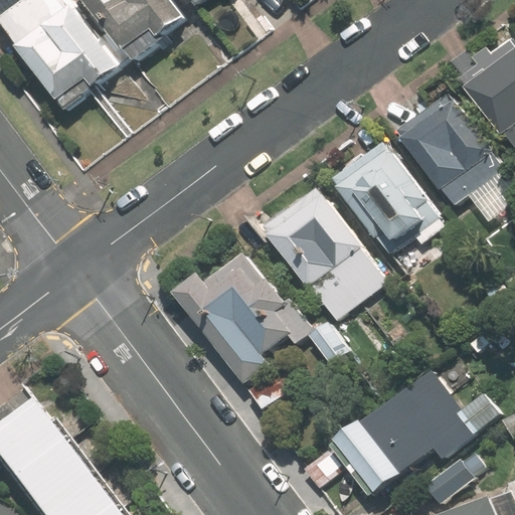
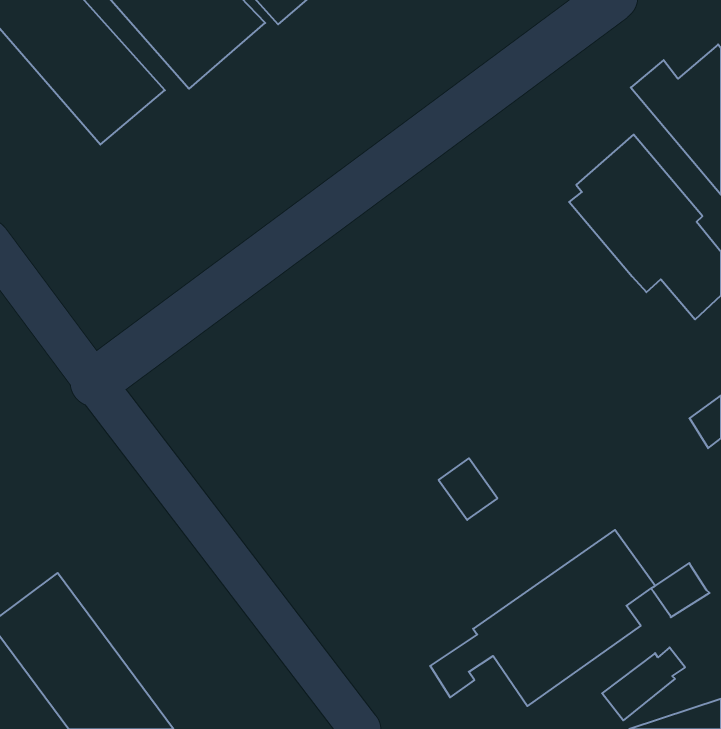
building: [329,142,437,251] -> none
building: [266,186,387,319] -> none
building: [176,250,307,382] -> none

